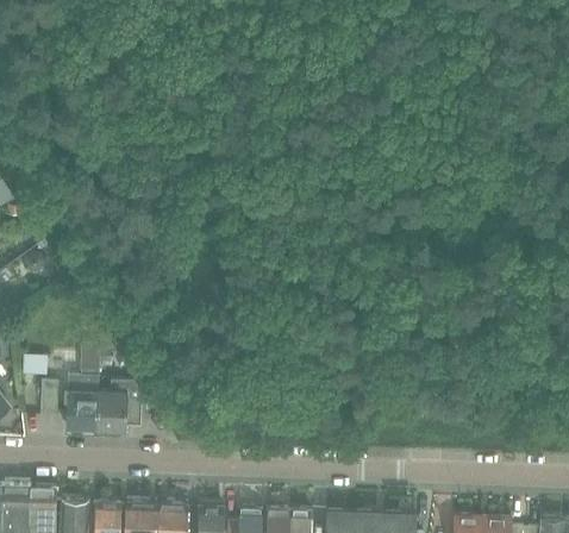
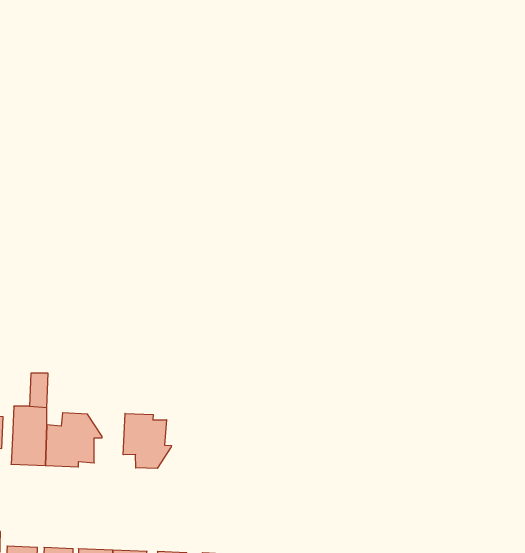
building: none -> [123,413,171,468]

